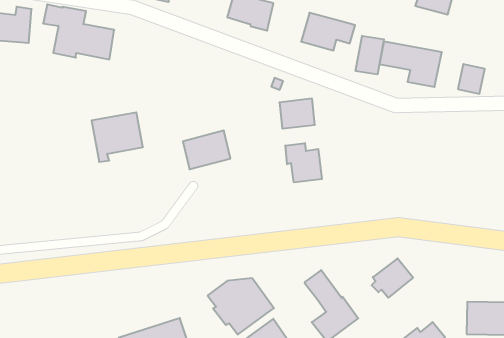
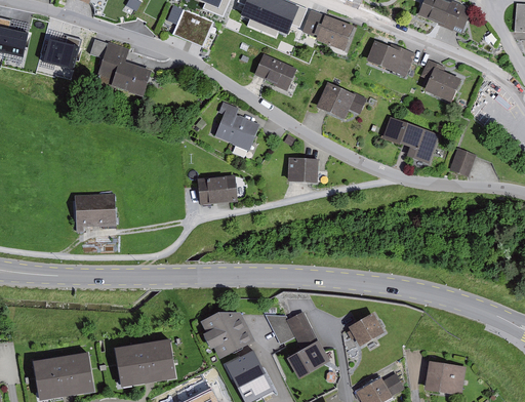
building: [356,36,384,74] -> none
building: none -> [214,100,260,157]
building: [92,112,143,162] -> [74,193,116,232]
building: [285,143,322,182] -> none
building: none -> [265,315,295,345]

